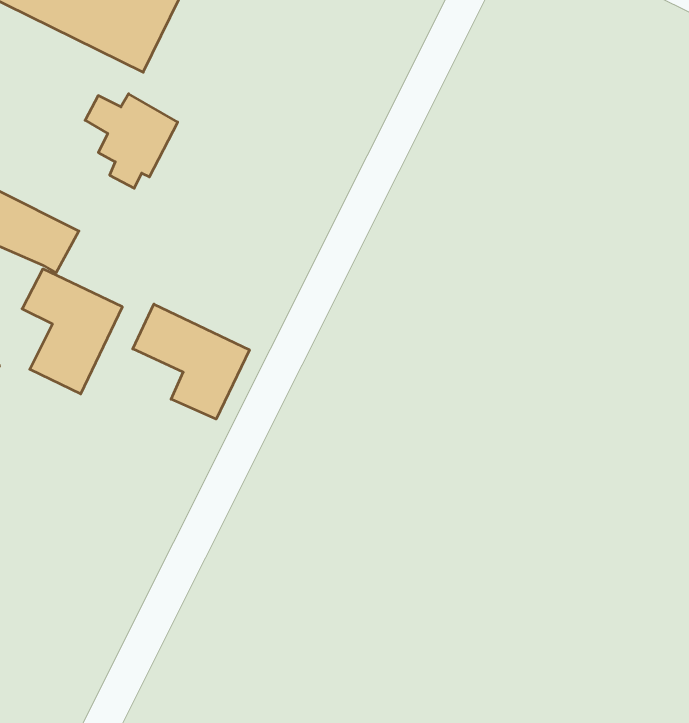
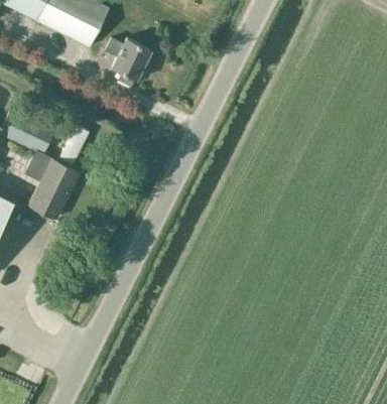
building: [85,94,178,188] -> [103,35,152,86]
building: [133,304,249,419] -> none

